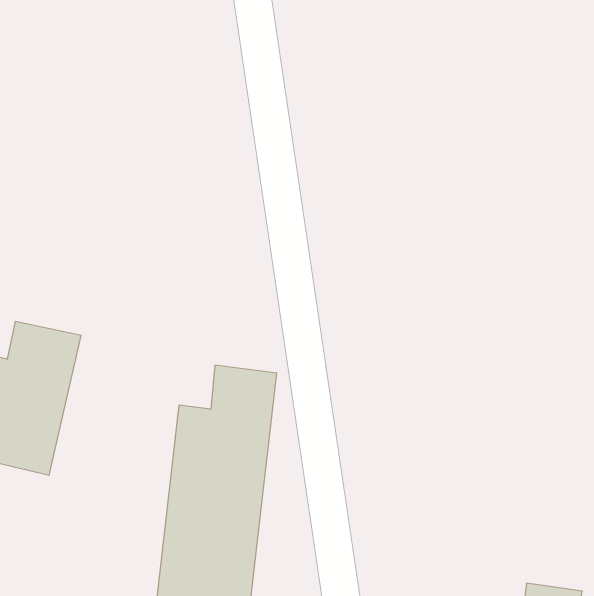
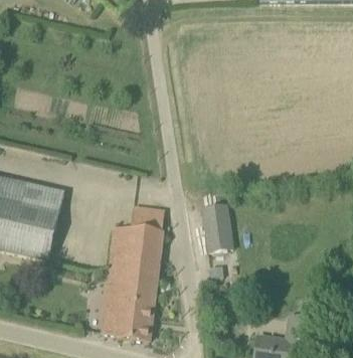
building: none -> [202,202,236,252]

